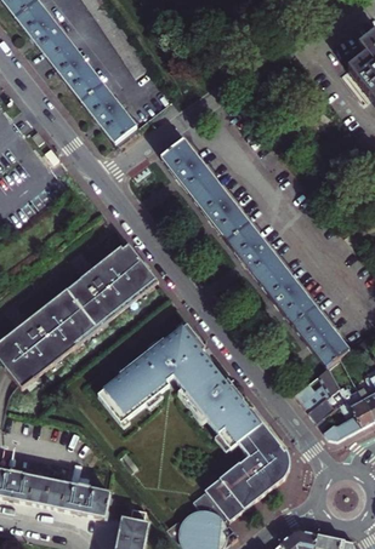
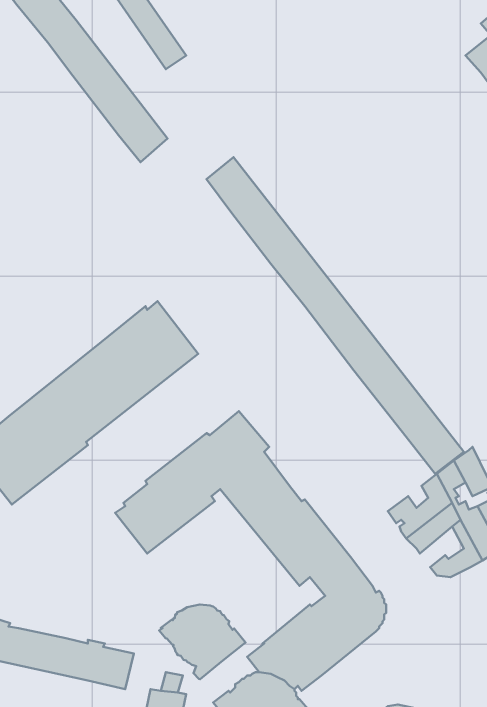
building: none -> [159,604,246,679]

